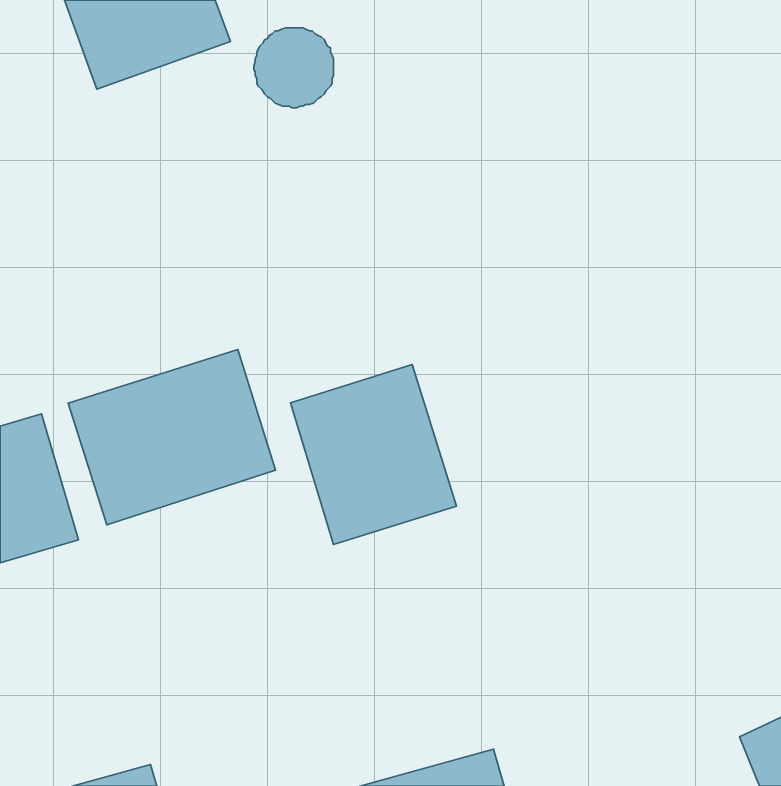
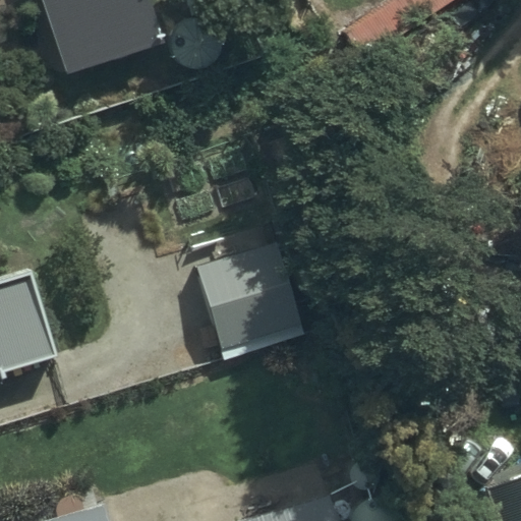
building: [68,350,275,525] -> none

